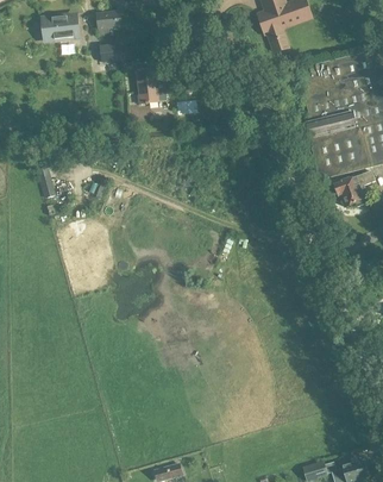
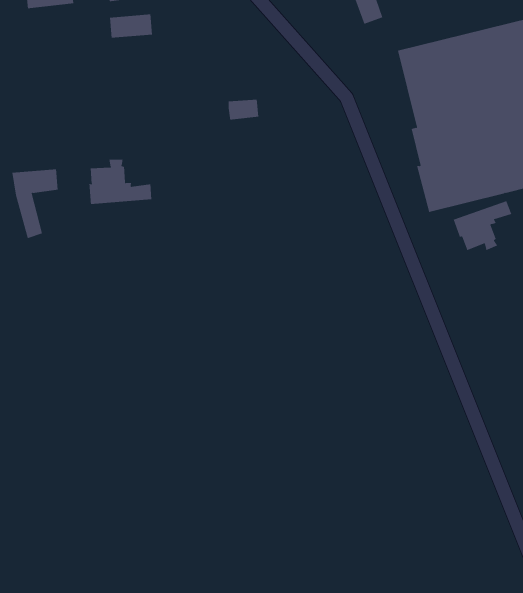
building: [134,68,164,104] -> none
building: none -> [89,159,152,205]

